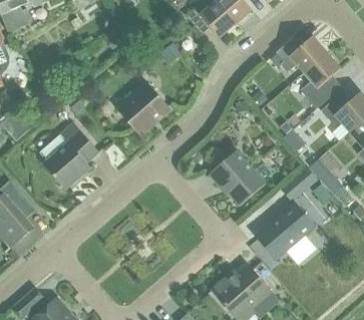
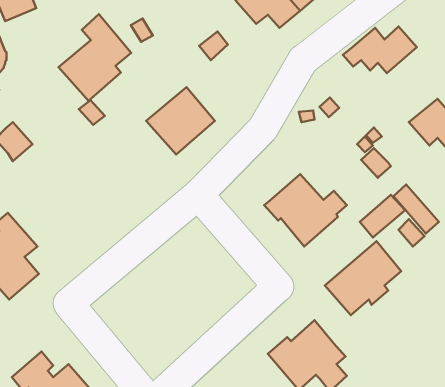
building: [300,51,341,108] -> none
building: [42,121,98,189] -> [59,14,131,101]

